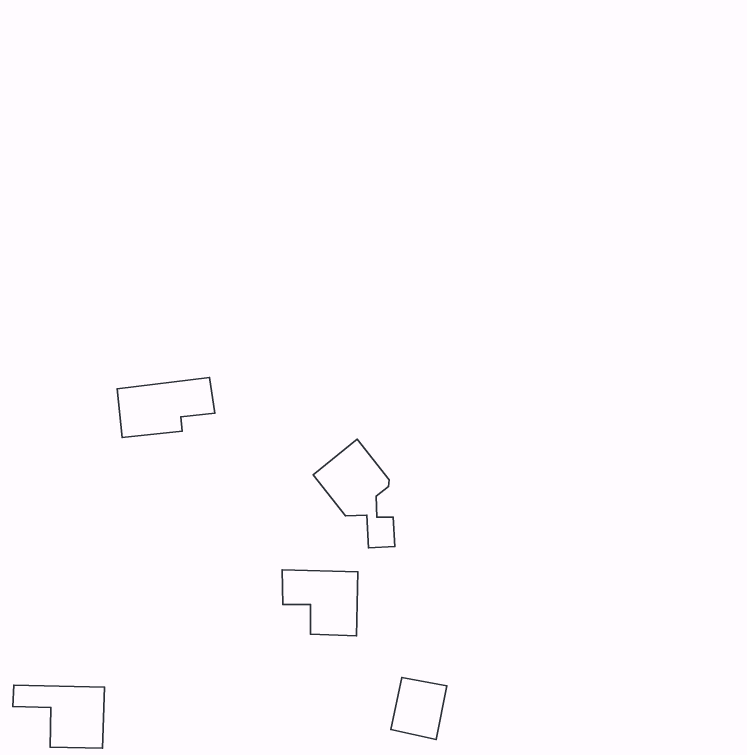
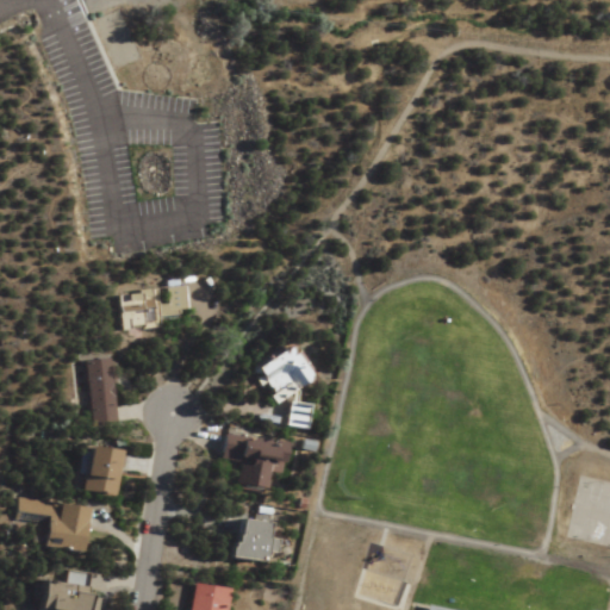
building: none -> [92,359,120,425]
building: none -> [83,446,123,494]
building: [391,678,447,739] -> [232,517,276,565]

